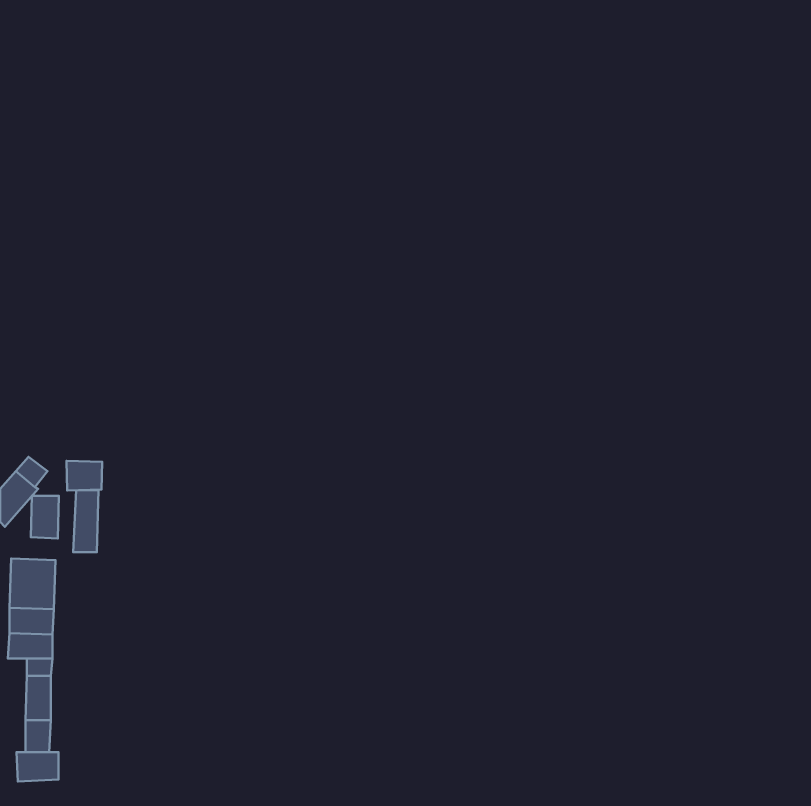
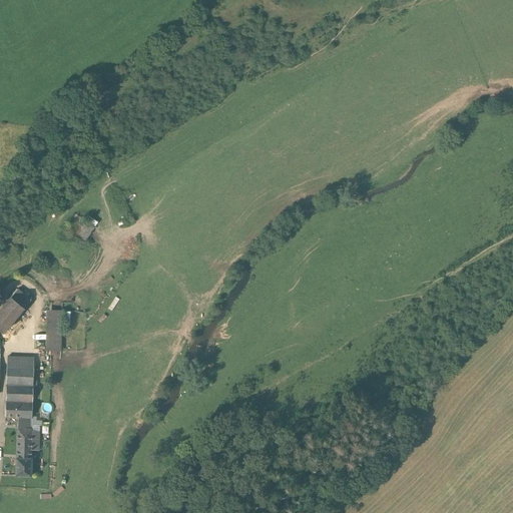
building: [67,461,102,491] -> none
building: [31,496,59,539] -> none
building: [16,752,58,782] -> none

